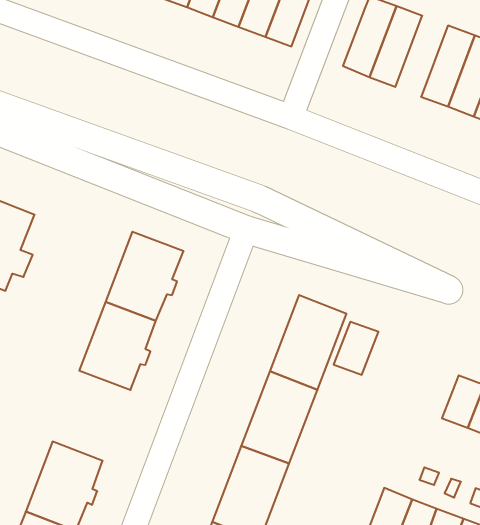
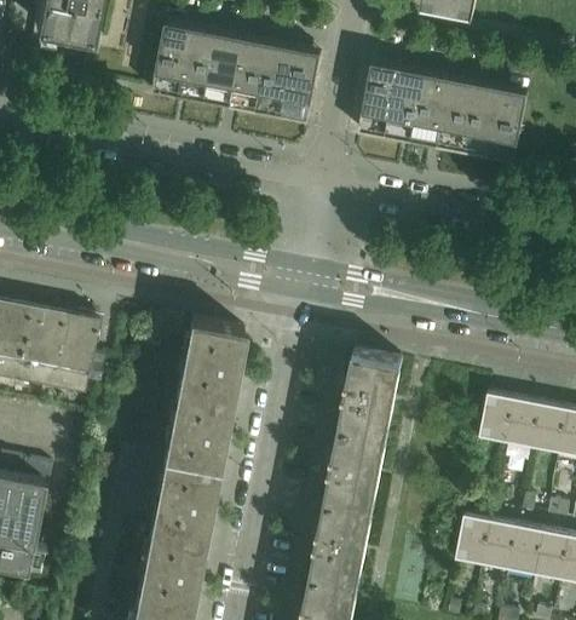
building: none -> [411,70,450,145]
building: [334,322,379,375] -> [480,392,517,440]
building: none -> [151,454,215,534]

